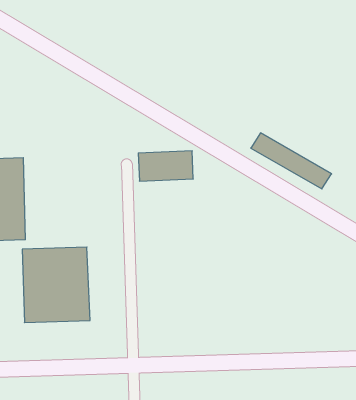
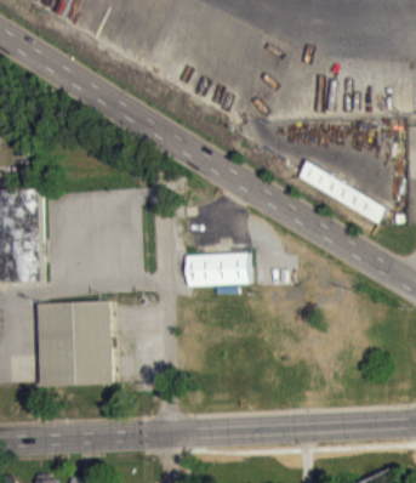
building: [138,151,193,181] -> [184,252,246,286]

